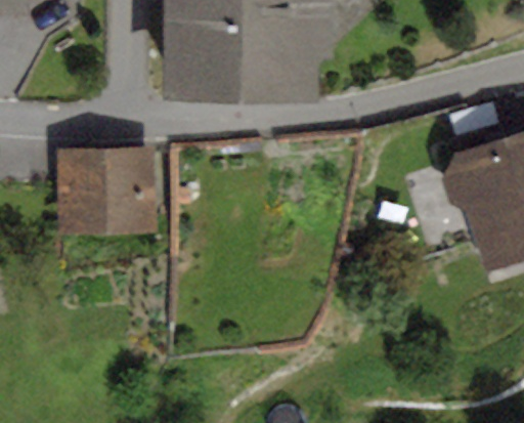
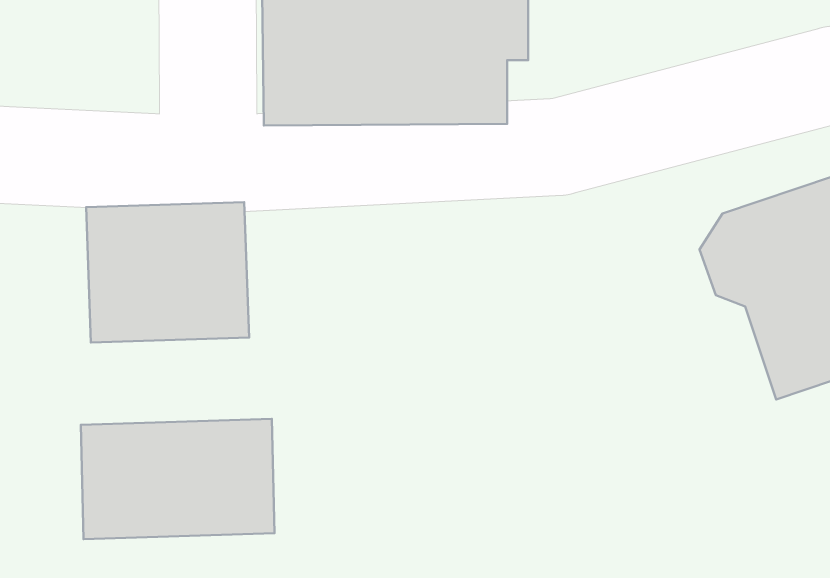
building: none -> [81,419,275,539]

